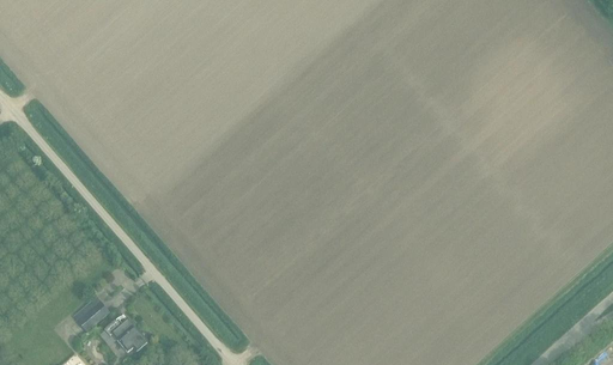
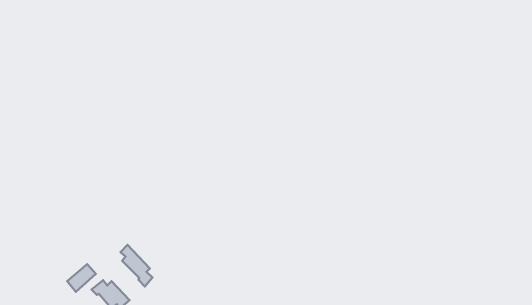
building: none -> [121,245,152,287]

